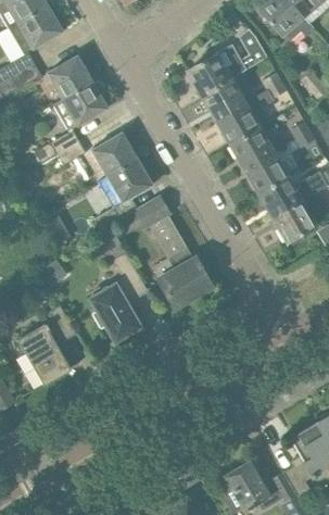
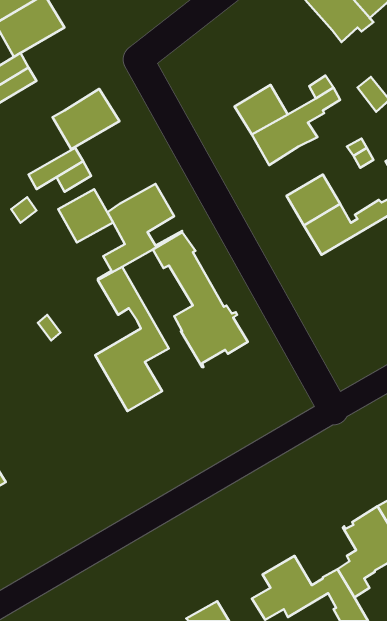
building: [187,28,266,95] -> none
building: [48,55,91,99] -> none
building: [229,121,273,168] -> none
building: [92,131,137,175] -> [58,189,113,243]
building: [271,200,316,242] -> none
building: [16,304,75,385] -> none

